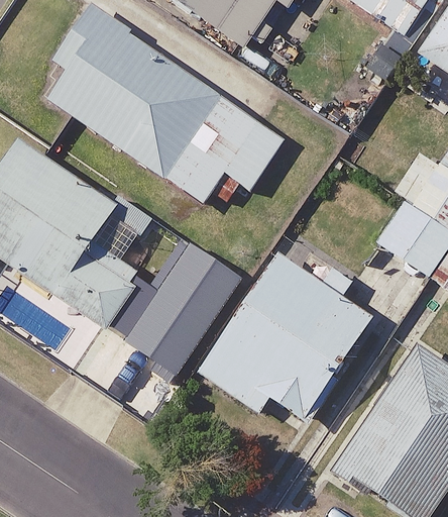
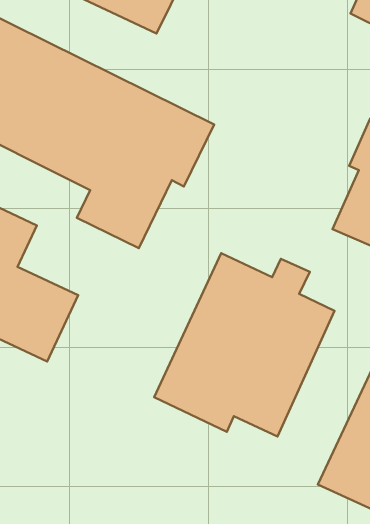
building: [128,245,239,373] -> none

